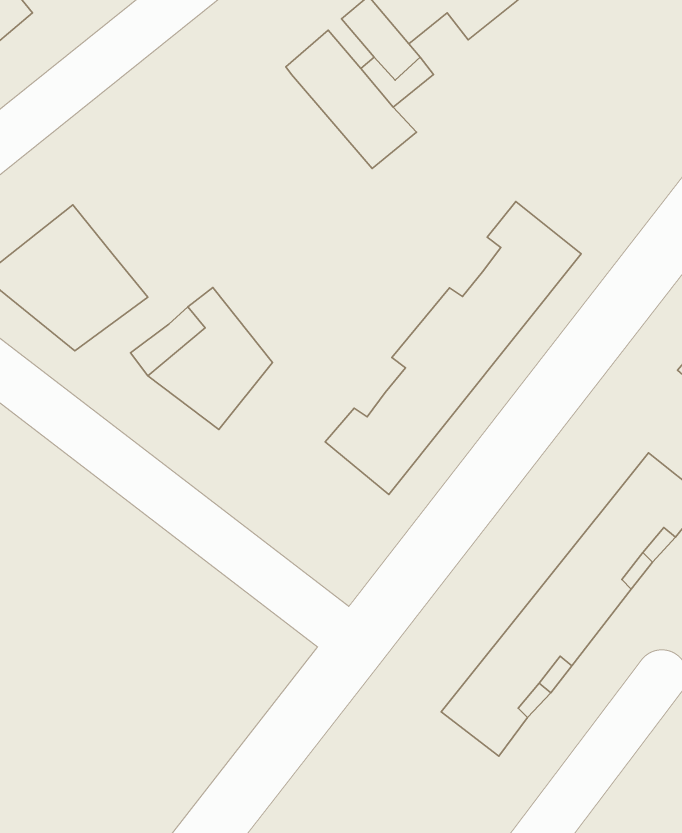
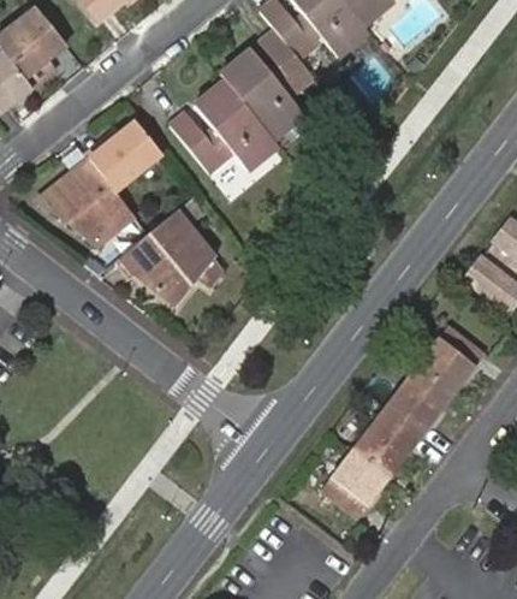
building: none -> [173,81,285,176]
building: none -> [91,124,164,194]
building: [325,201,581,495] -> none

